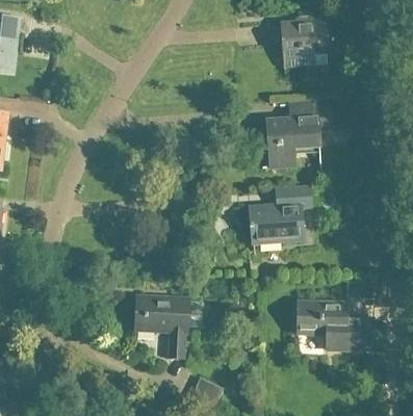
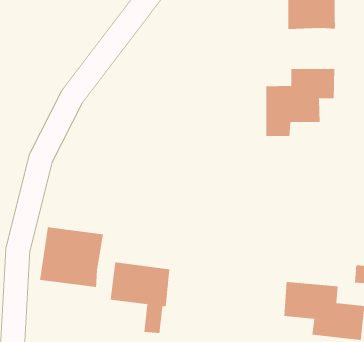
building: [247,185,310,246] -> none
building: none -> [39,227,103,288]

